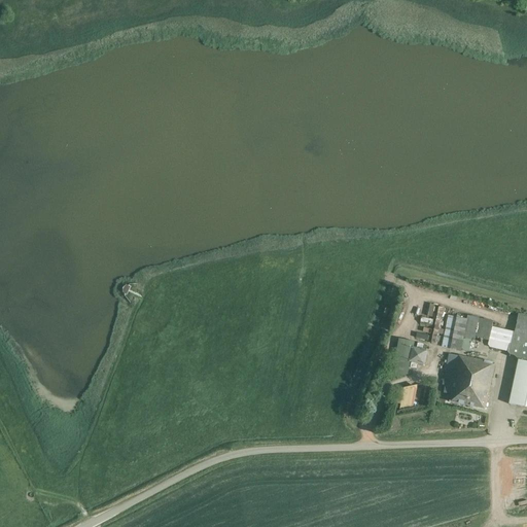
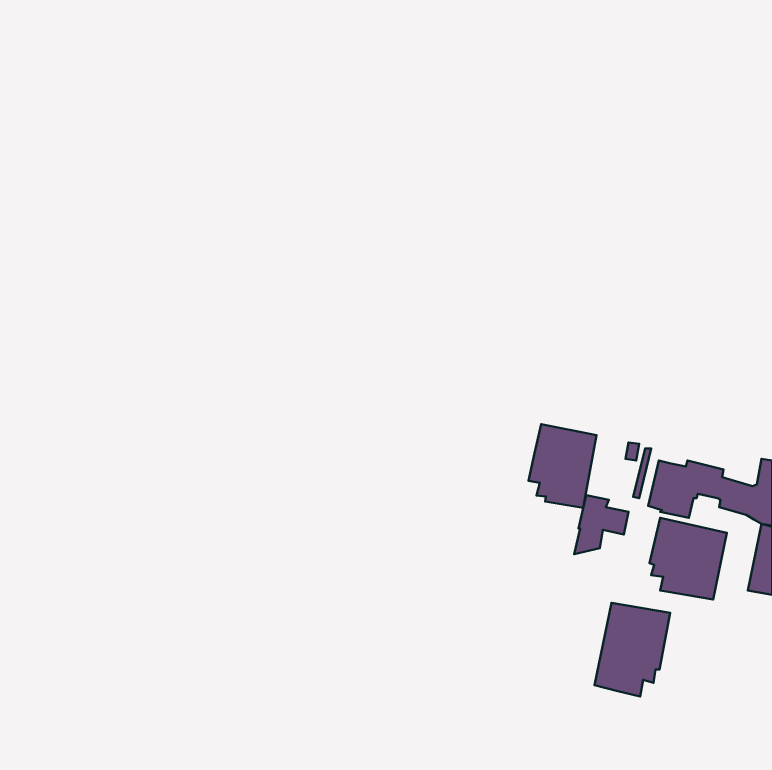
building: none -> [529,424,597,508]
building: none -> [595,603,670,697]

